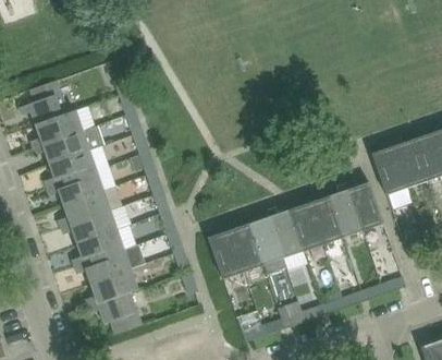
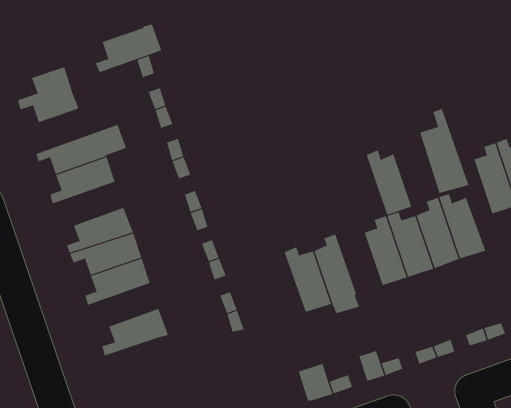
building: [30,111,83,149] -> [95,24,162,73]
building: none -> [420,108,469,194]
building: [47,171,102,205] -> none
building: [267,207,303,259] -> [366,149,412,215]
building: [208,226,243,280] -> none
building: [74,250,130,284] -> none
building: [87,292,140,335] -> none

